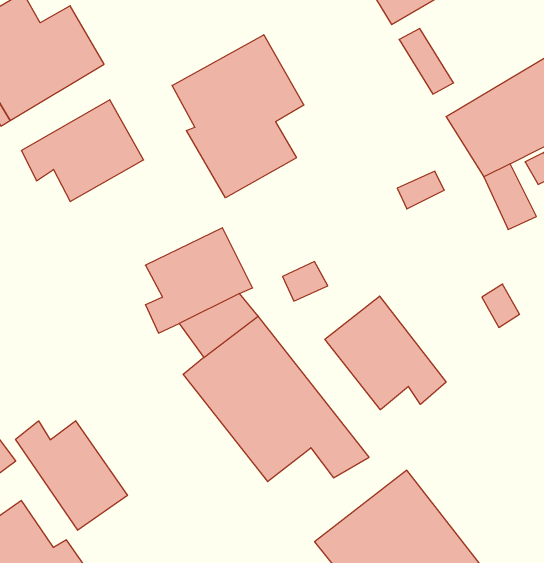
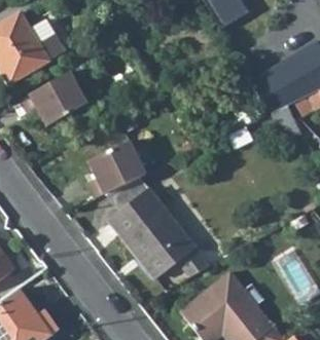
building: [172,35,304,198] -> none
building: [325,296,446,410] -> none
building: [16,421,127,530] -> none

